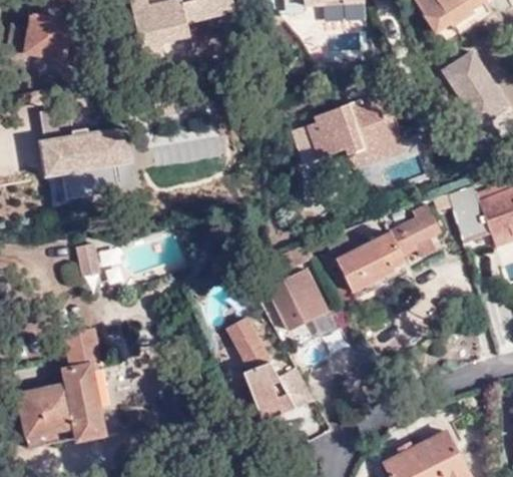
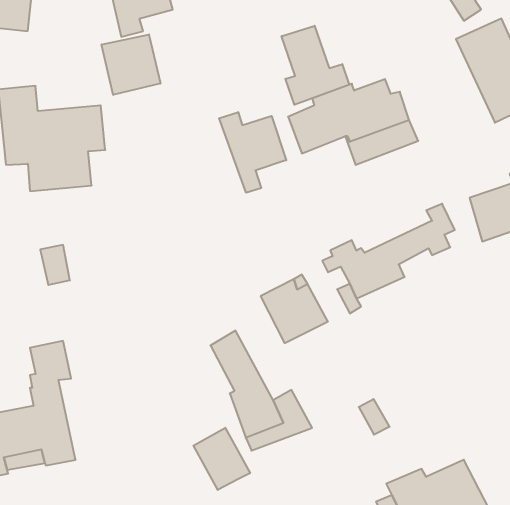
building: none -> [282,26,349,105]
building: none -> [102,34,160,95]
building: none -> [219,112,286,193]
building: none -> [193,428,250,490]

